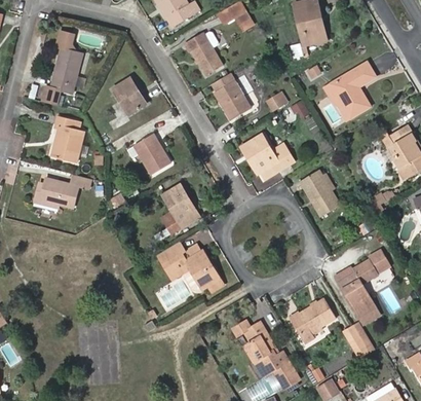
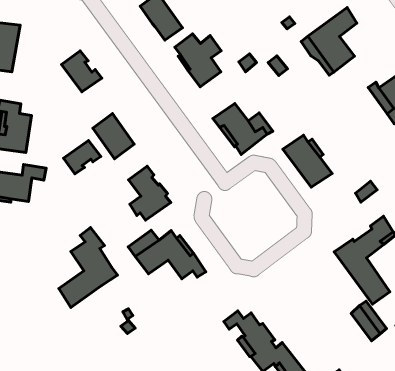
building: none -> [64,140,101,174]
building: none -> [59,227,118,308]
building: [290,296,335,340] -> none

